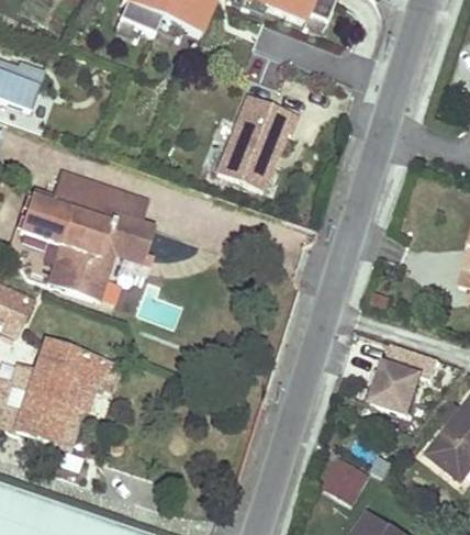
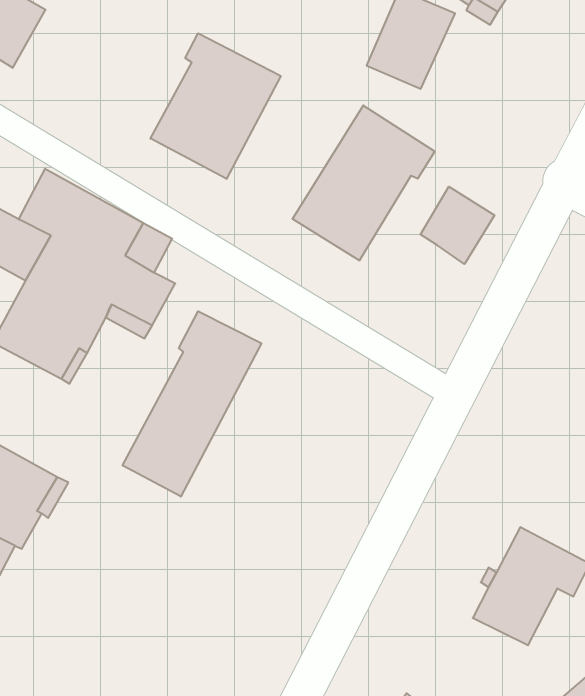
building: none -> [150,33,281,179]
building: none -> [420,187,494,264]
building: none -> [123,311,261,497]

